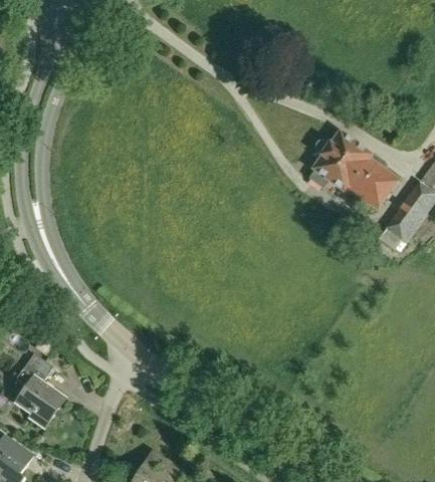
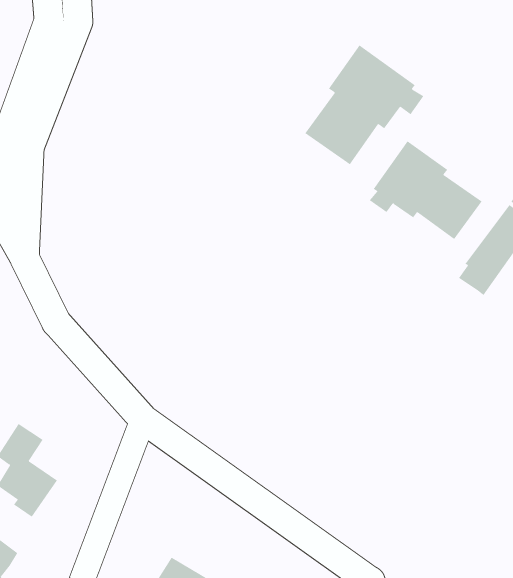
building: none -> [304,45,424,165]

